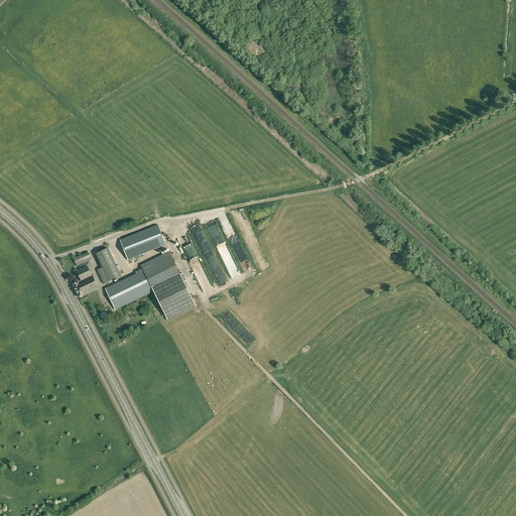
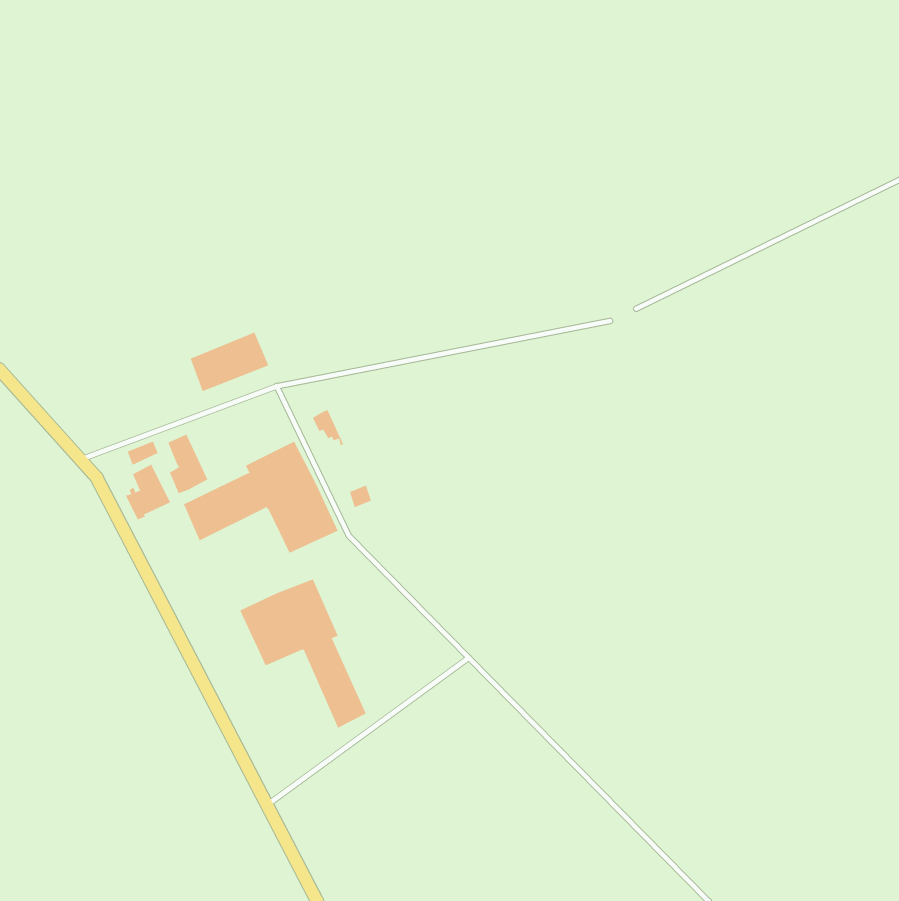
building: [118,226,163,260] -> [190,332,269,392]
building: none -> [240,579,366,729]

